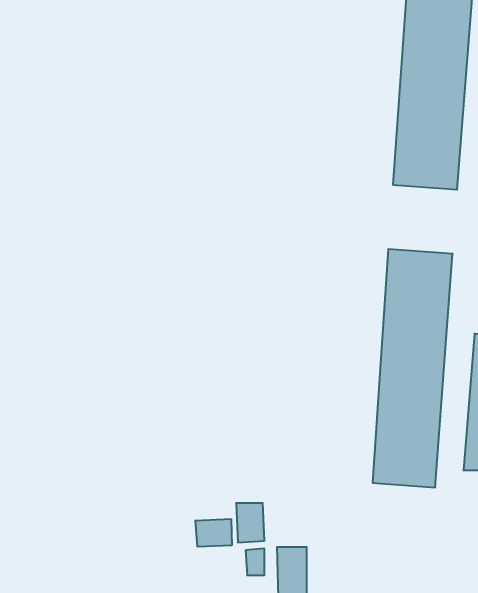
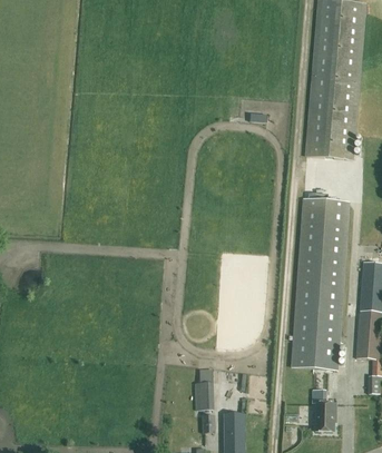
building: [196,519,232,547] -> none
building: none -> [315,402,336,431]

